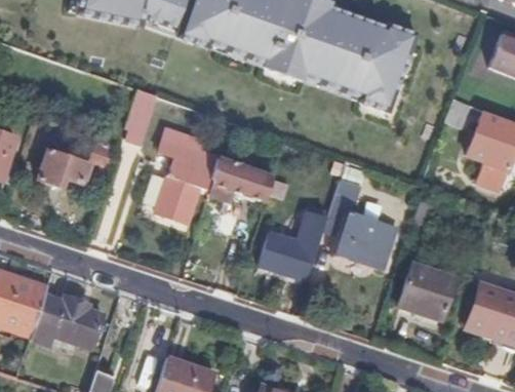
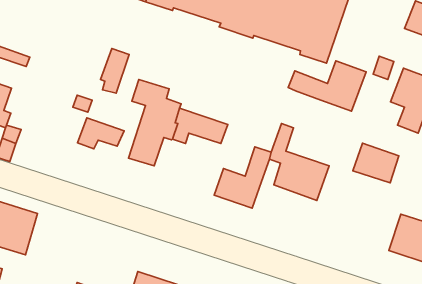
building: none -> [288,61,366,111]
building: [38,151,93,188] -> [77,118,124,149]
building: [397,274,451,321] -> [353,143,399,183]
building: [33,297,103,348] -> none

